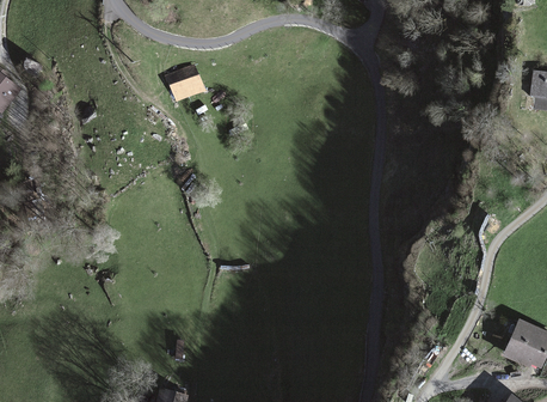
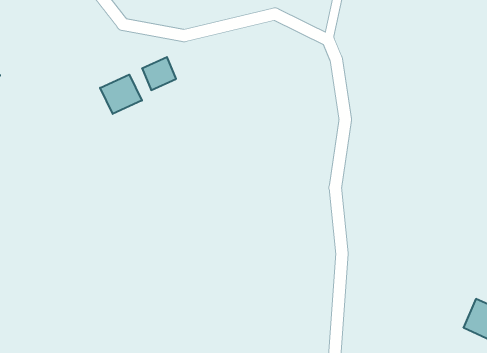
building: none -> [100,75,142,114]

